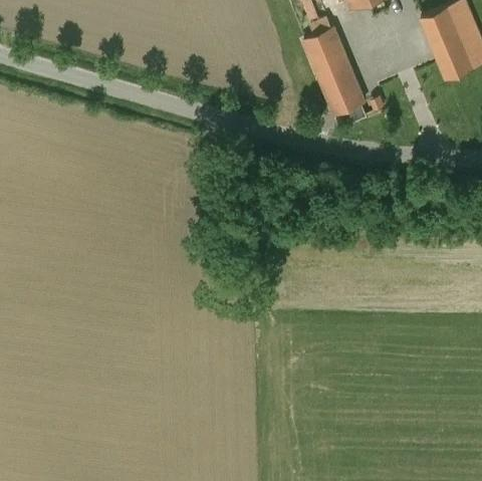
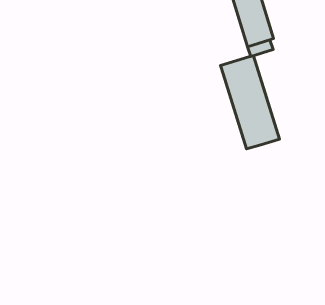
building: none -> [220,56,280,149]

